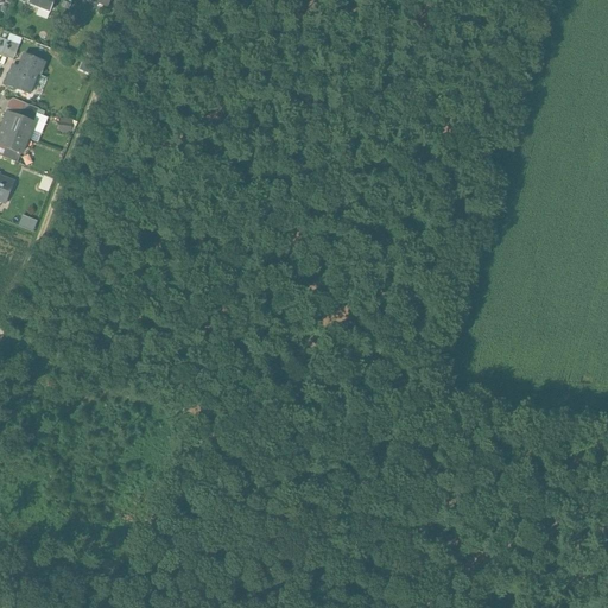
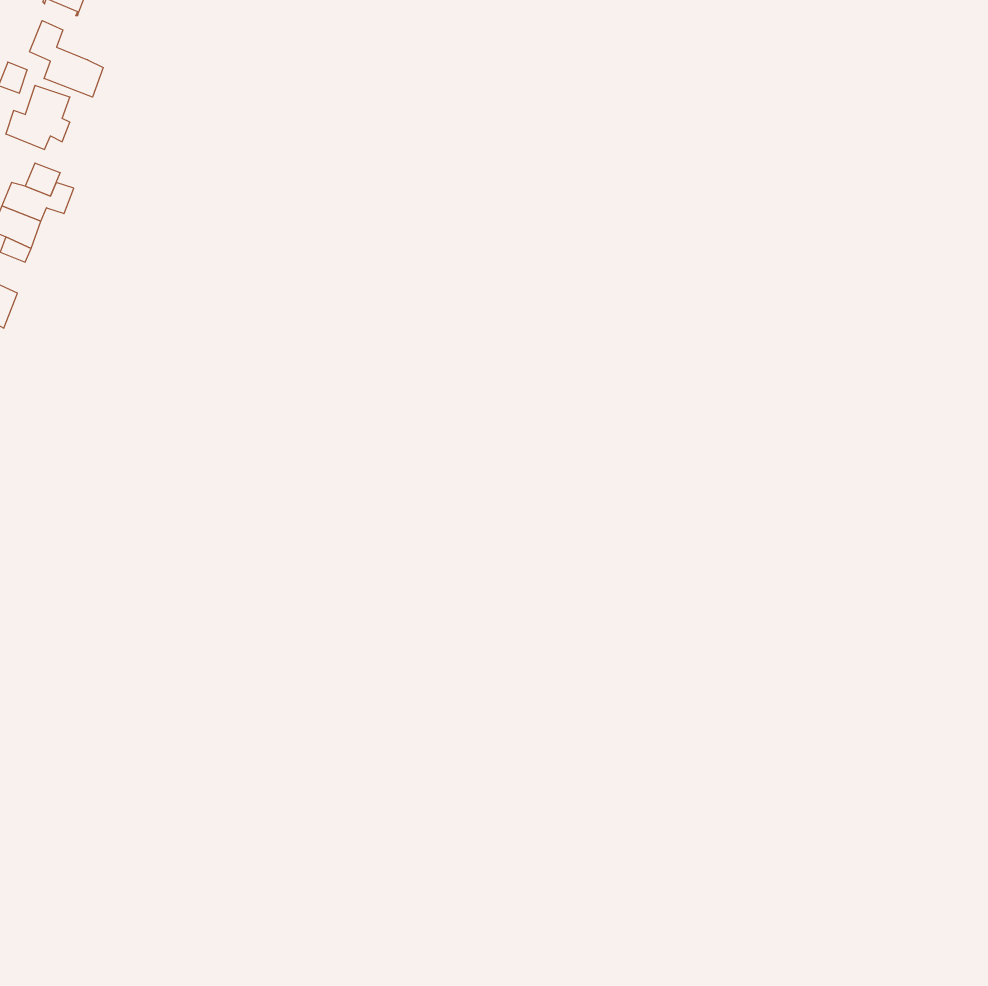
building: none -> [30,21,103,97]

